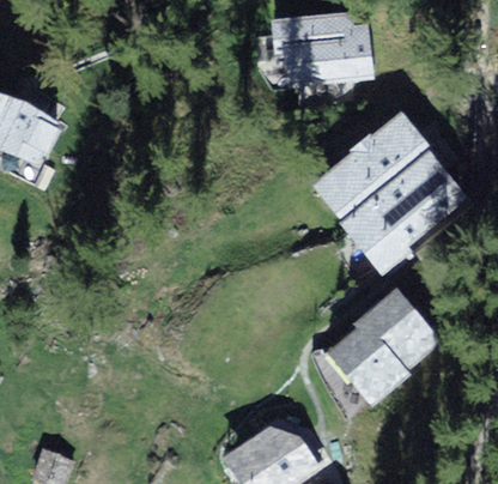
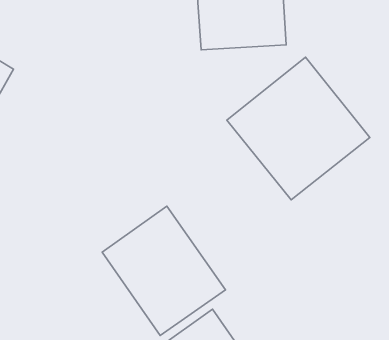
building: none -> [102,206,226,336]
building: [322,296,444,417] -> none

